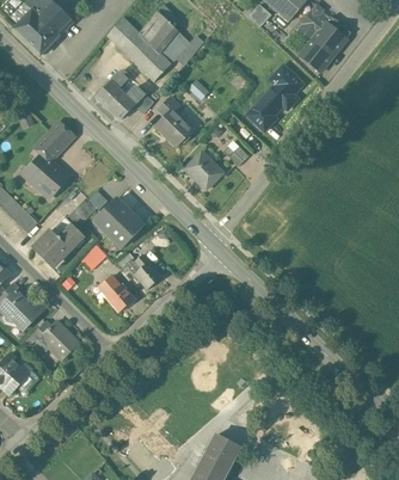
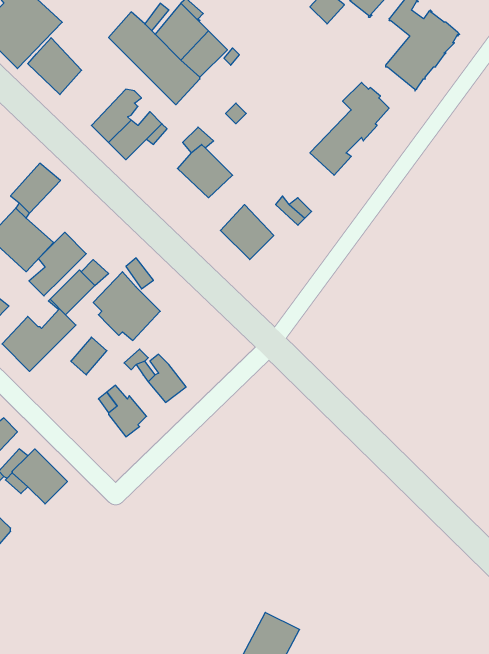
building: none -> [28,38,82,95]
building: none -> [29,232,86,296]

